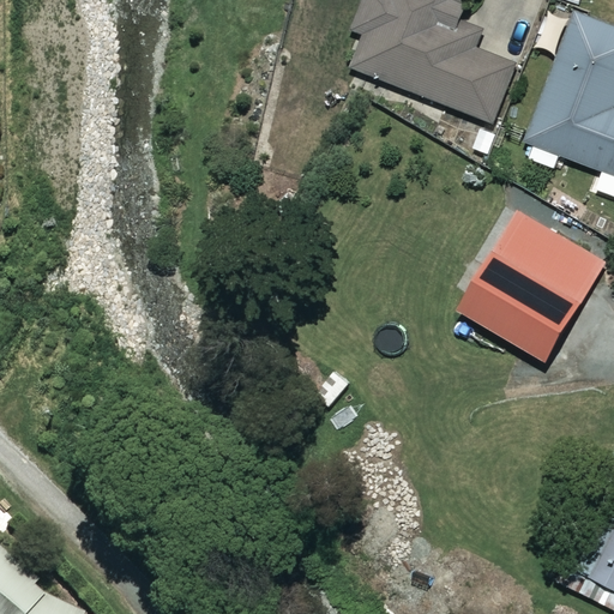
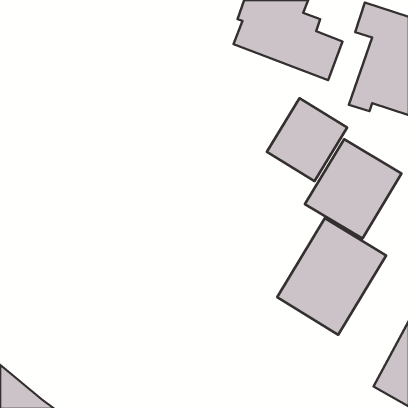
building: none -> [267,98,347,181]
building: none -> [277,218,386,335]

